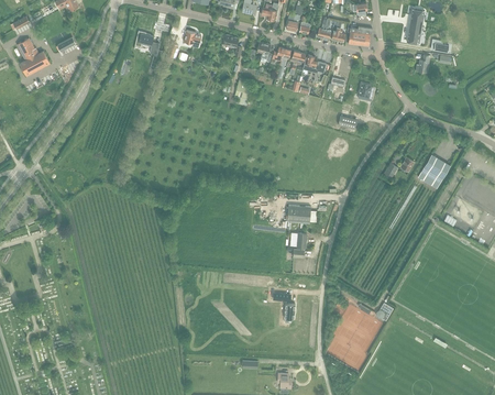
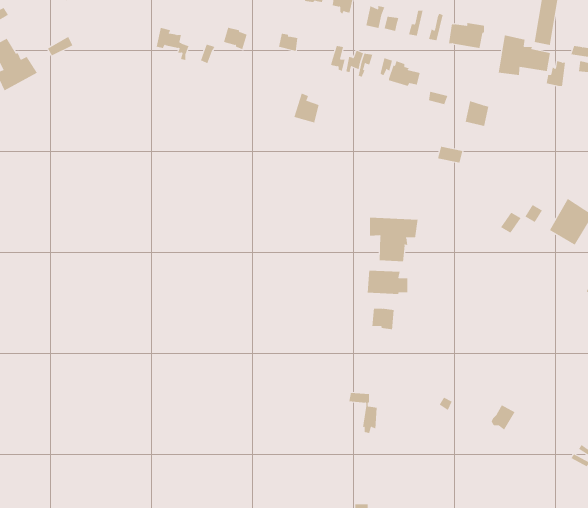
building: none -> [498,34,550,76]
building: none -> [370,217,418,262]

